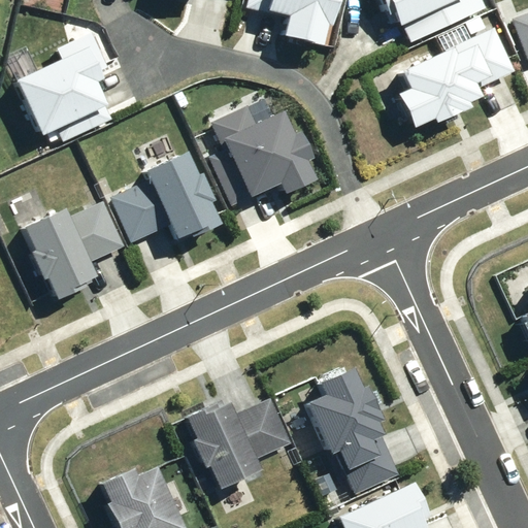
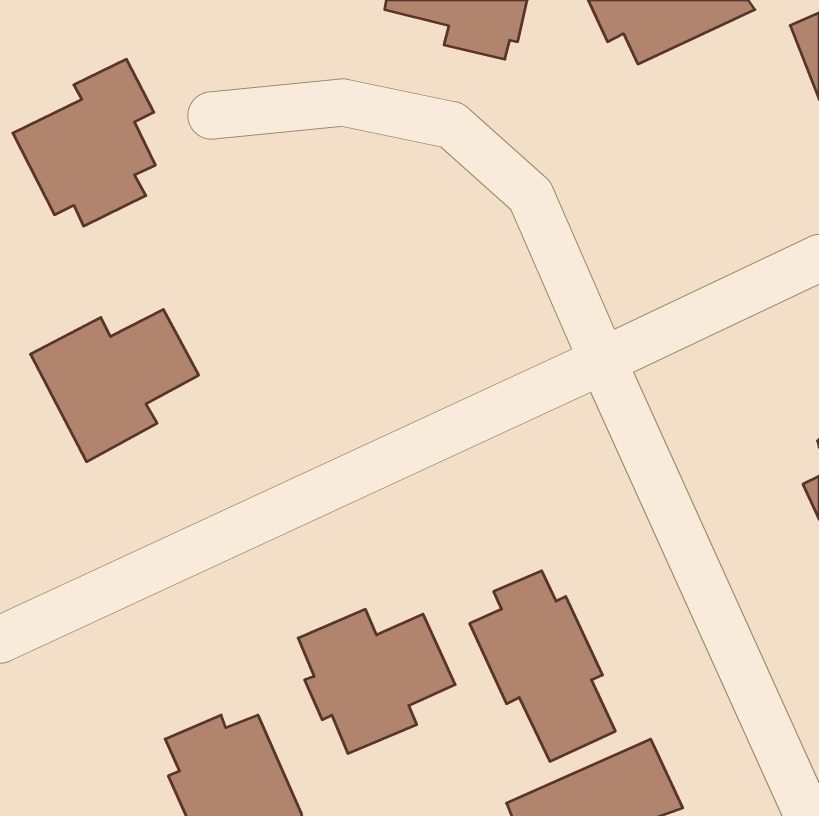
building: [393,27,514,129] -> none
building: [208,102,327,212] -> none
building: [109,150,222,245] -> none

